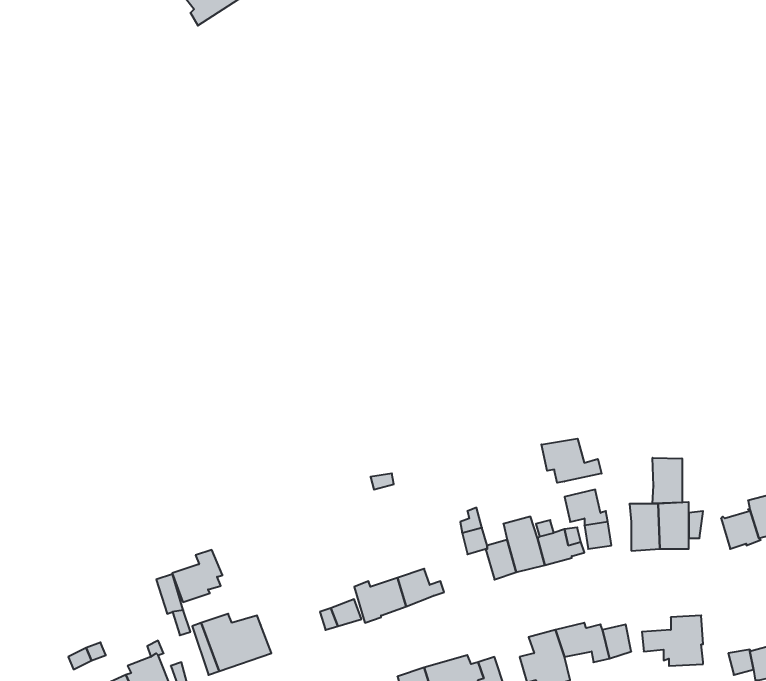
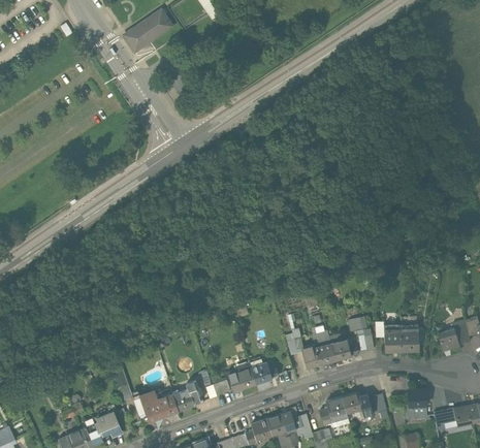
building: [541,439,602,483] -> none
building: [653,458,682,504] -> none
building: [172,550,223,602] -> [172,380,201,410]

